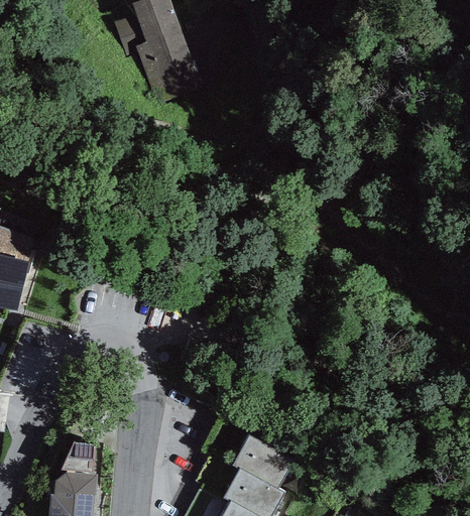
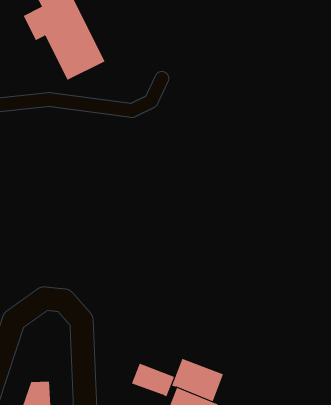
building: none -> [131,363,175,398]

